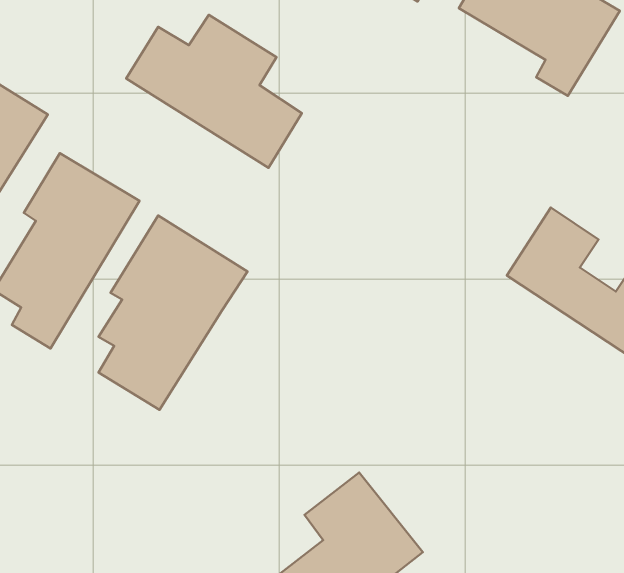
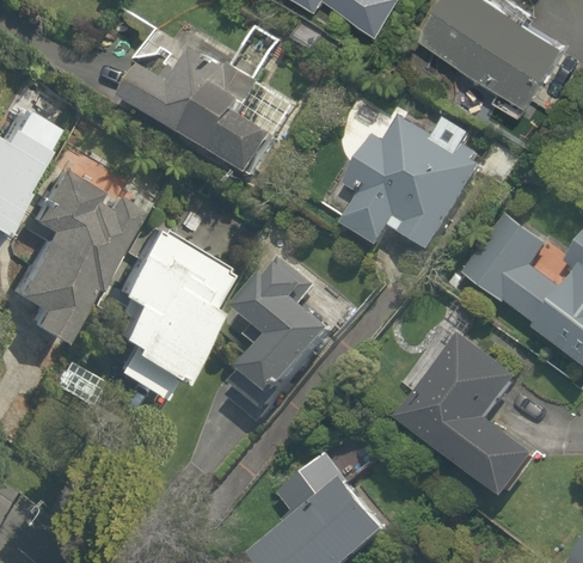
building: none -> [337,105,483,247]
building: none -> [226,253,332,416]
building: none -> [391,326,538,501]

